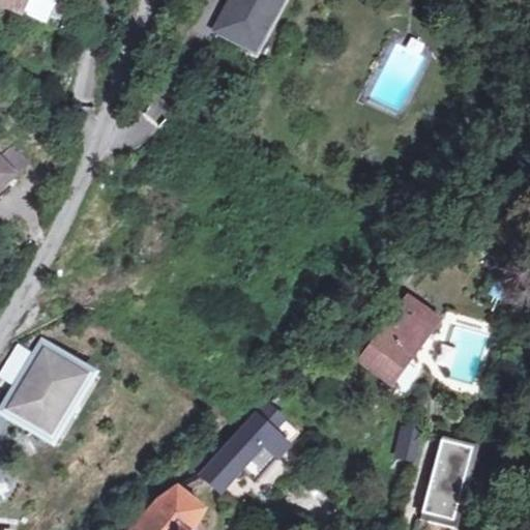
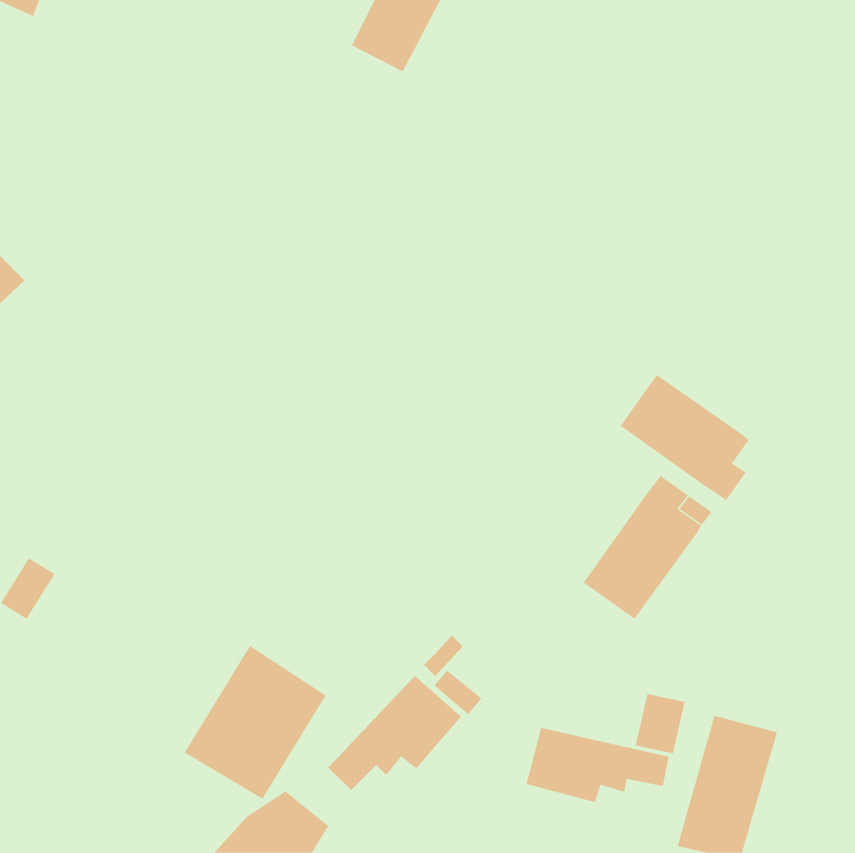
building: none -> [620,374,749,501]
building: [6,344,94,439] -> [184,645,327,800]
building: none -> [526,727,669,803]

